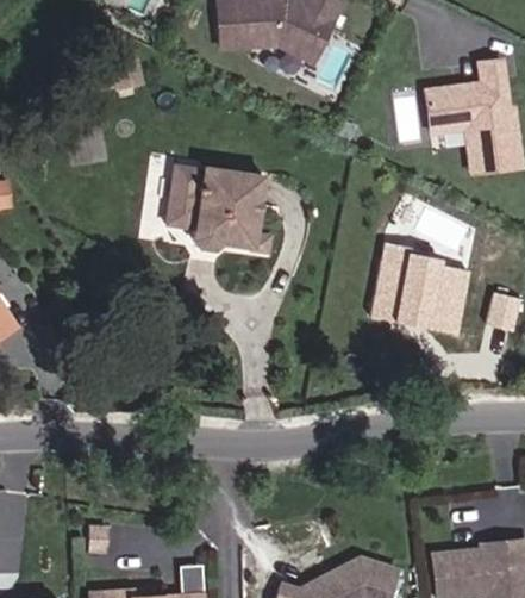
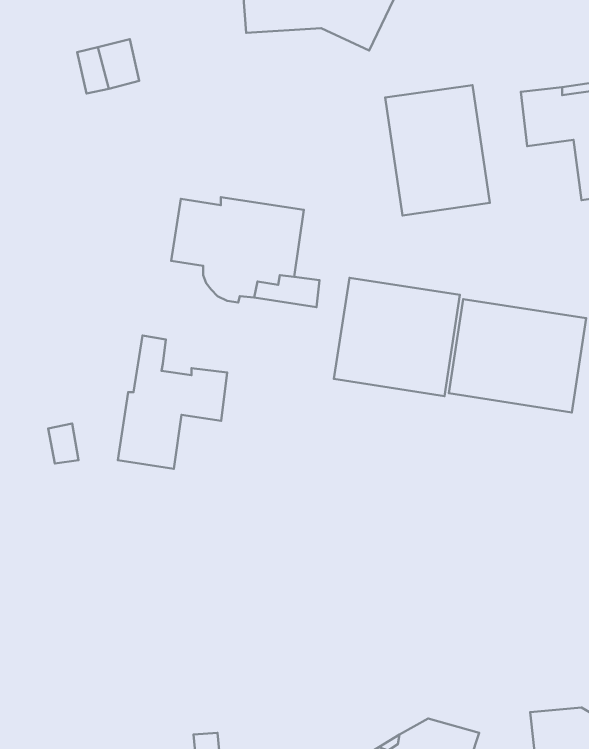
building: none -> [385,85,490,215]
building: none -> [334,278,460,396]
building: none -> [118,335,227,469]

